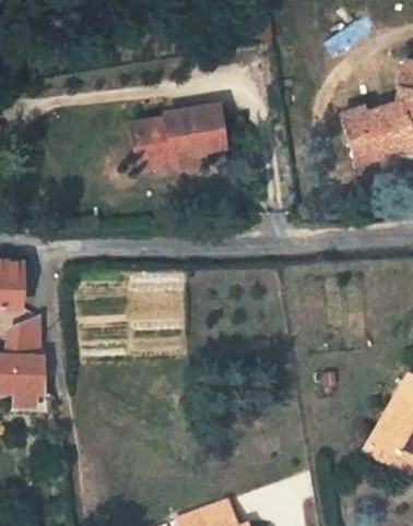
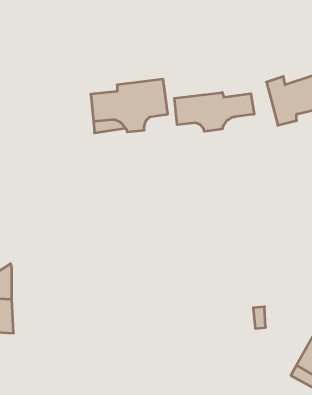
building: none -> [174,92,254,131]

